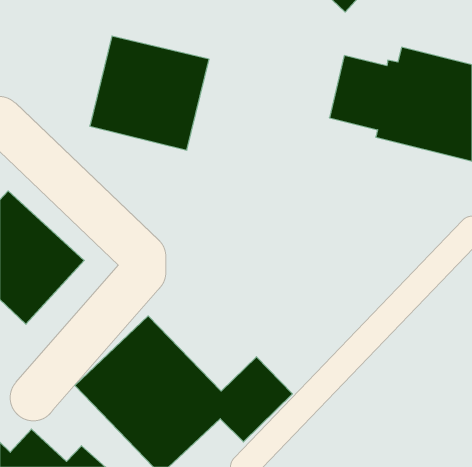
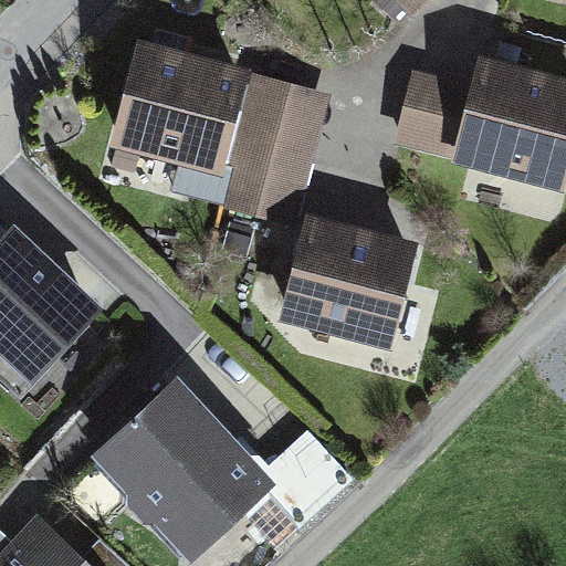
building: none -> [221,71,329,222]
building: none -> [281,216,421,350]

